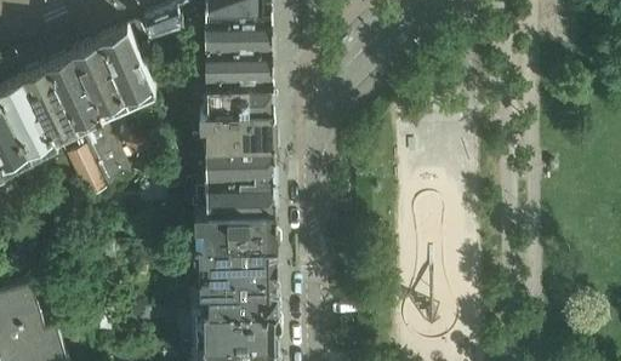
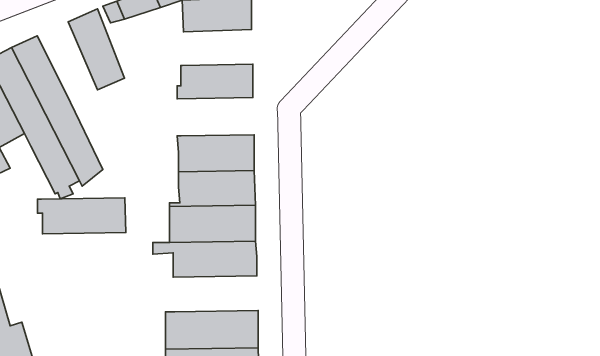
building: [69,42,126,119] -> none
building: [201,50,273,84] -> none
building: [198,114,274,150] -> none
building: [194,282,278,316] -> [37,198,126,234]

